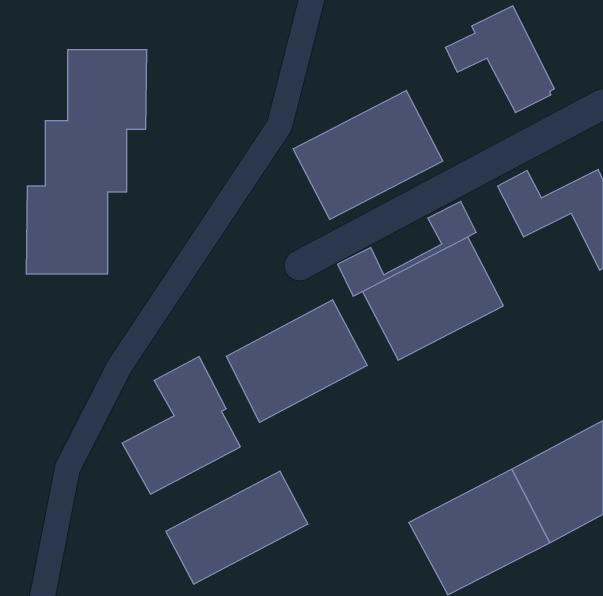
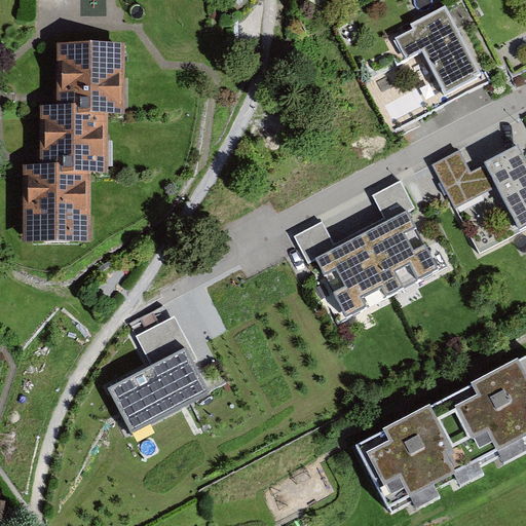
building: [293,90,443,219] -> none
building: [226,300,367,422] -> none
building: [166,471,308,584] -> none

